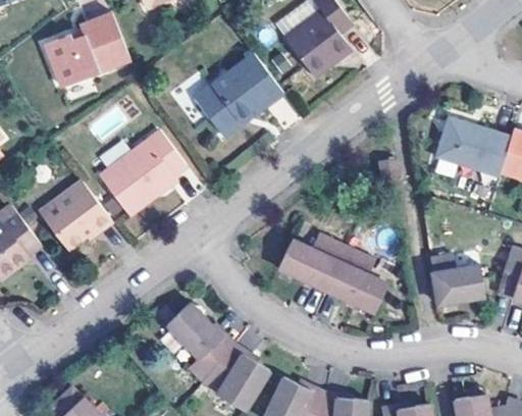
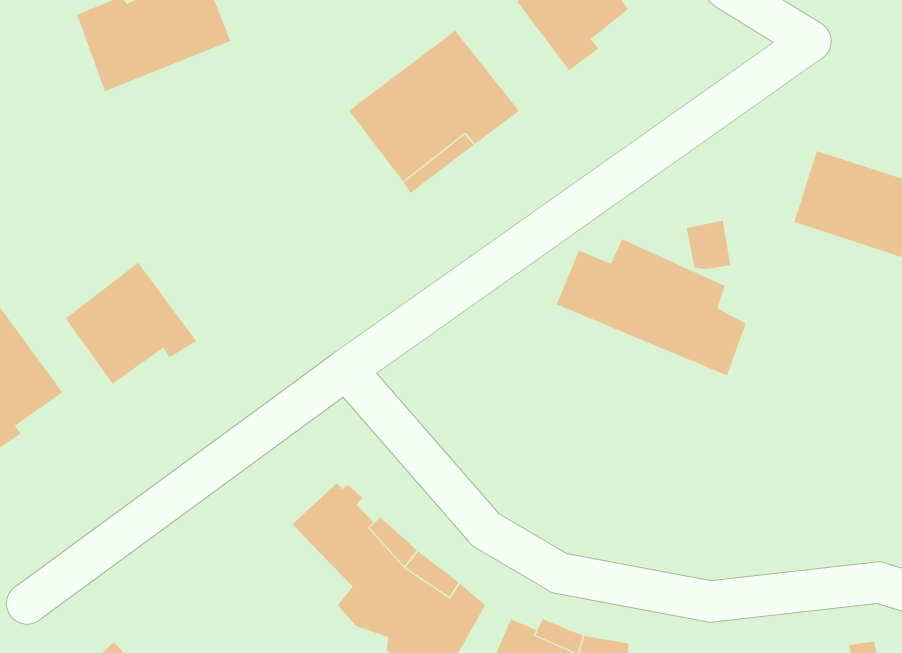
building: [103,129,188,212] -> none
building: [286,237,389,311] -> [556,238,746,376]
building: [429,251,483,298] -> none

